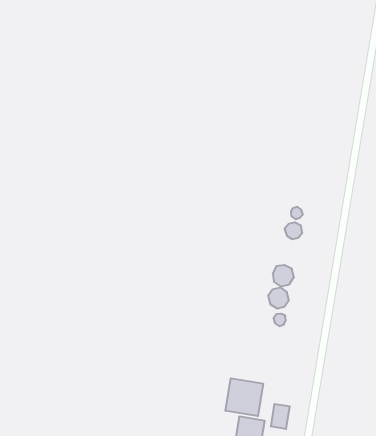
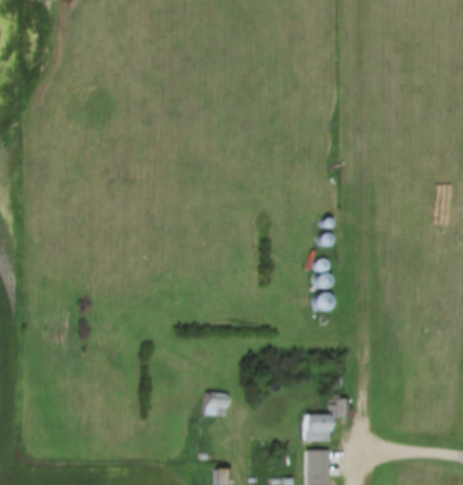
building: none -> [203,391,228,417]
building: [225,378,263,416] -> none

